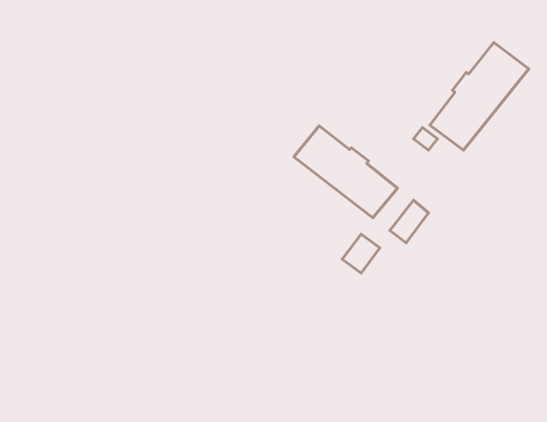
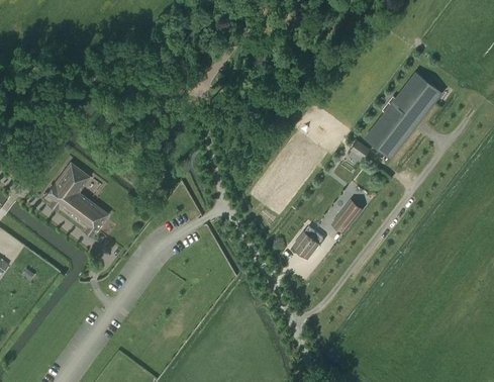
building: [294,126,397,218] -> none
building: none -> [43,163,108,234]

